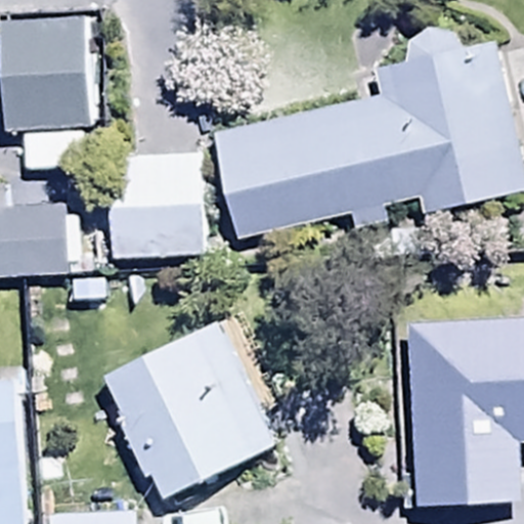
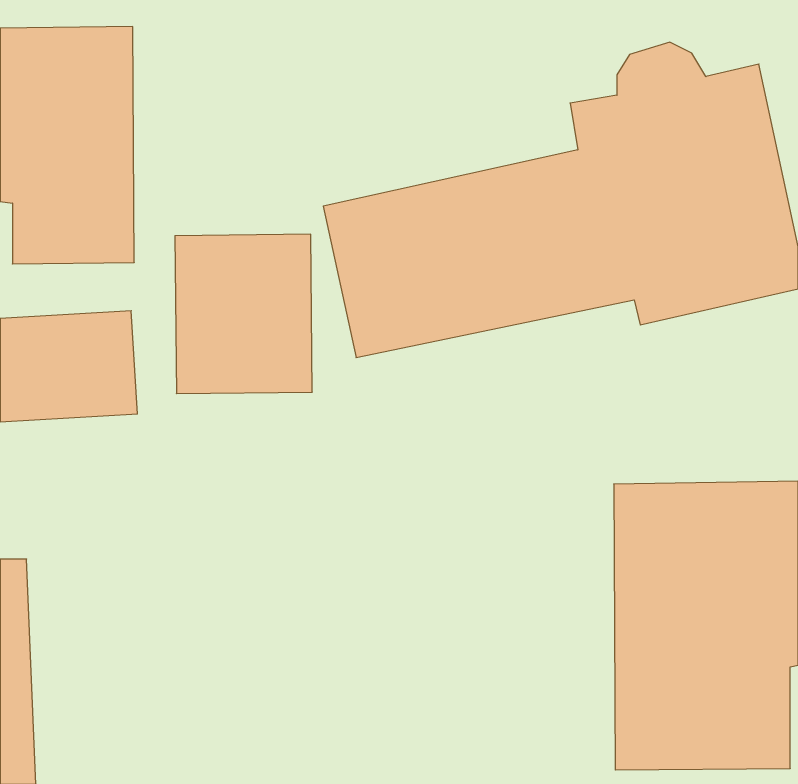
building: [101,321,278,503] -> none

